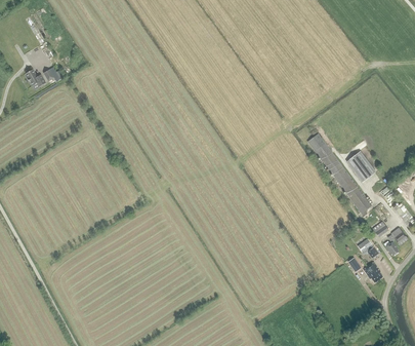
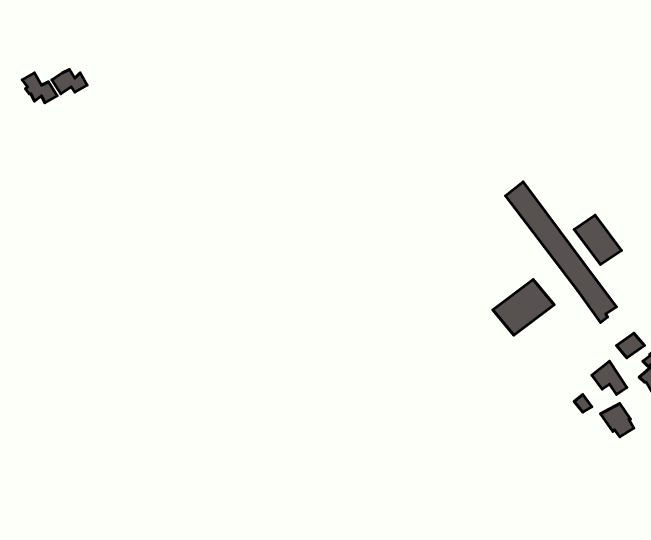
building: none -> [493,279,554,335]

